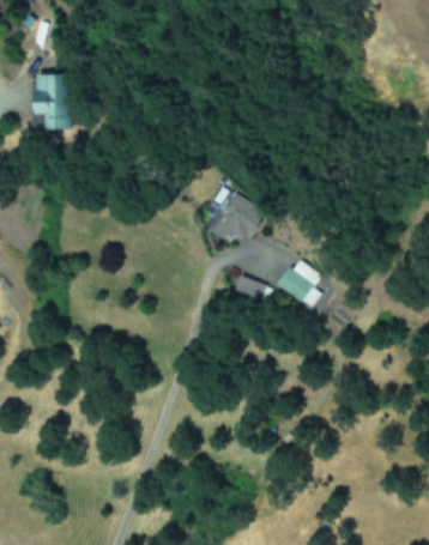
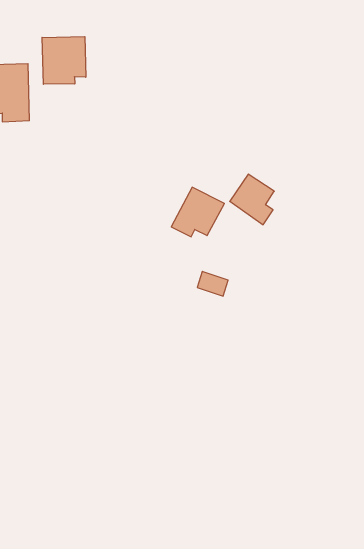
building: none -> [42,37,86,84]
building: [277,258,320,307] -> [230,174,274,225]

